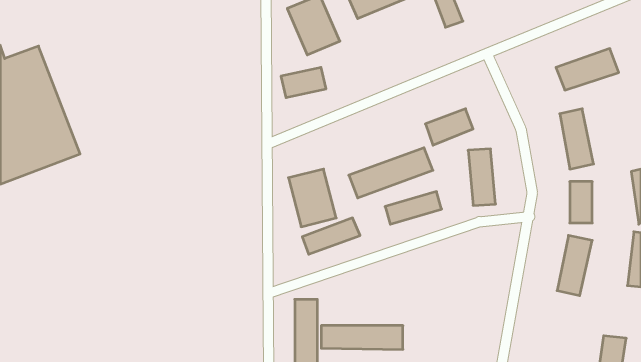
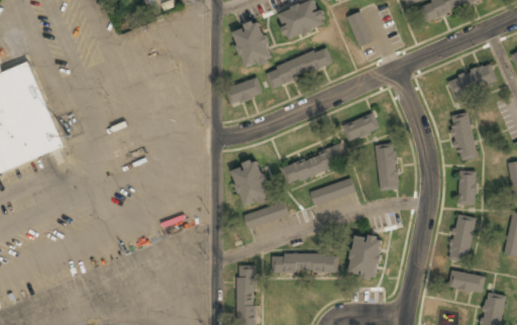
building: none -> [266,46,333,88]
building: none -> [350,235,381,278]
building: none -> [448,269,485,294]
building: [321,326,403,349] -> [273,253,338,273]

